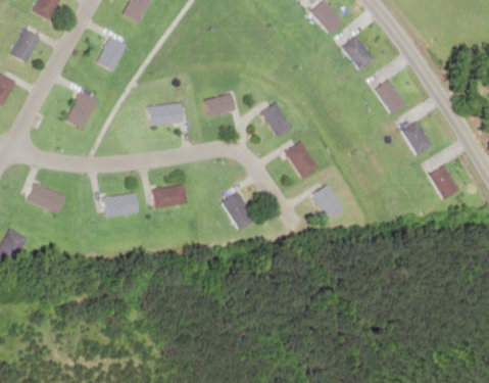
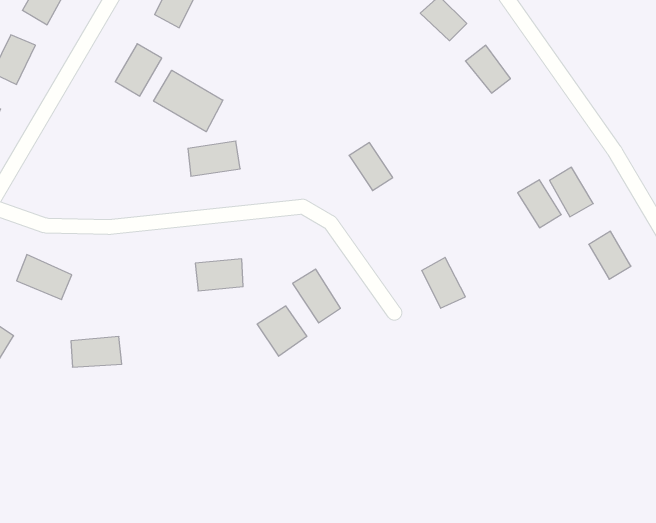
building: none -> [154,70,223,132]
building: [375,79,405,112] -> [518,180,561,228]
building: [64,91,98,130] -> none
building: [206,95,236,115] -> none
building: [284,142,319,179] -> none
building: [102,193,138,214] -> [71,337,122,367]
building: none -> [257,306,307,356]

